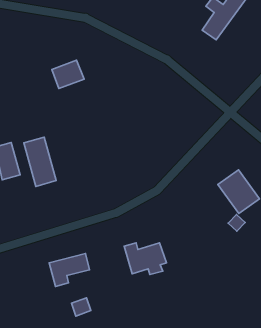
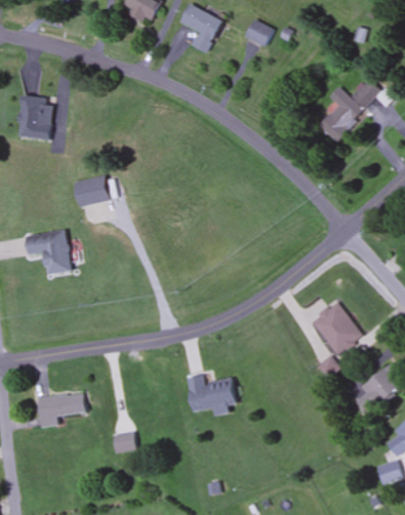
building: [52,60,84,89] -> [75,174,113,206]
building: [24,137,56,186] -> none
building: [49,254,89,286] -> [38,392,86,427]

